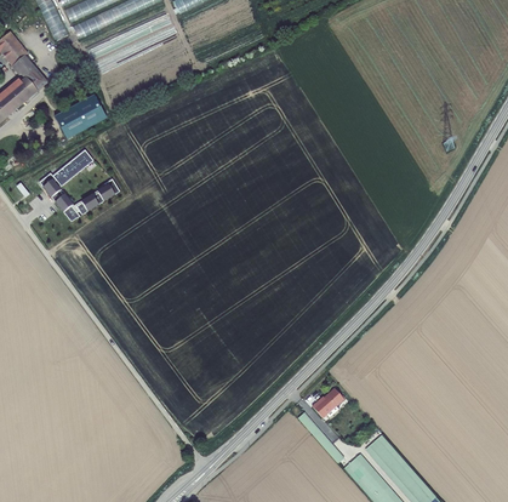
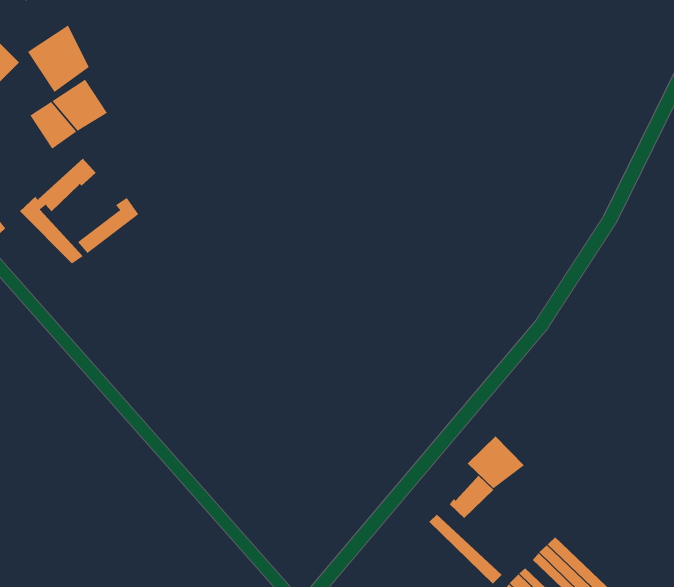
building: none -> [27,25,89,93]
building: none -> [467,435,525,489]

